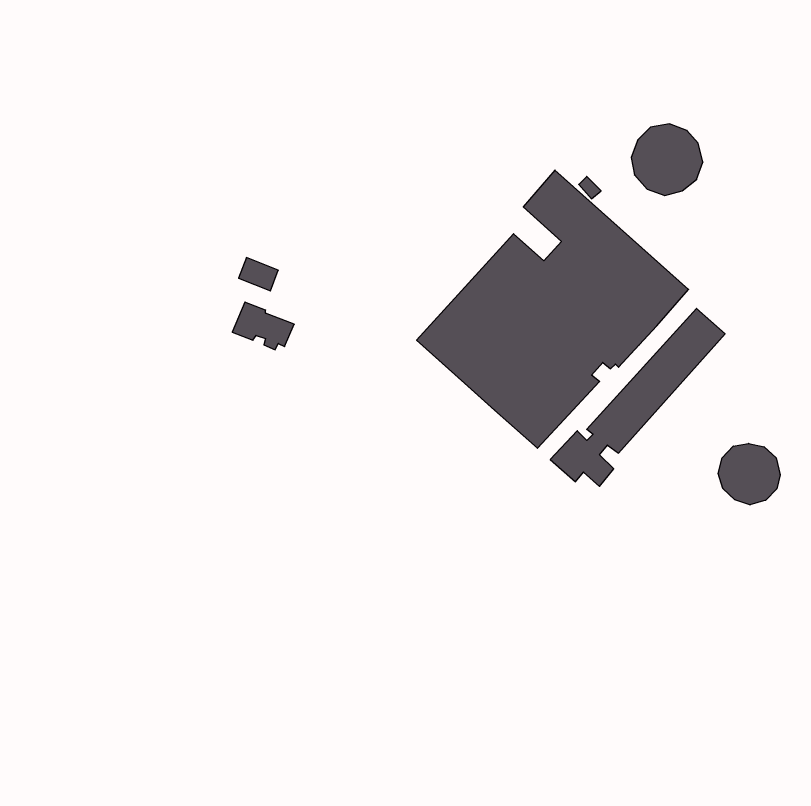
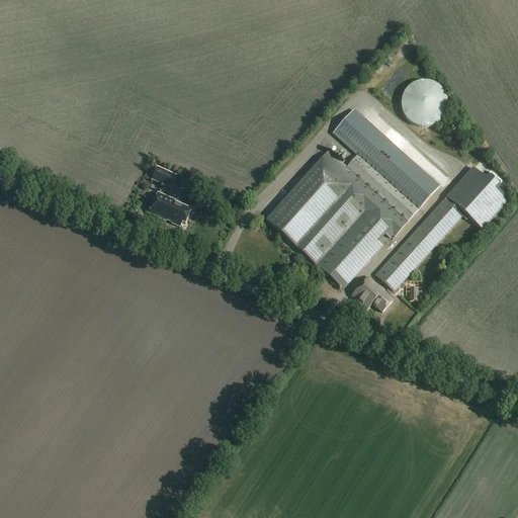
building: none -> [447,166,510,228]
building: [718,443,780,505] -> none

